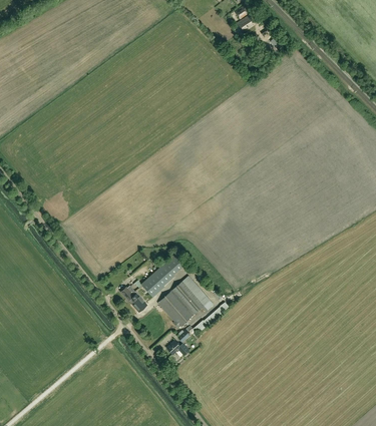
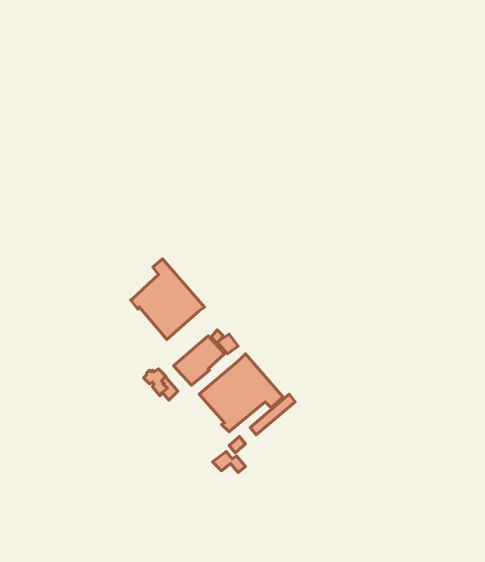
building: none -> [131,259,205,340]

